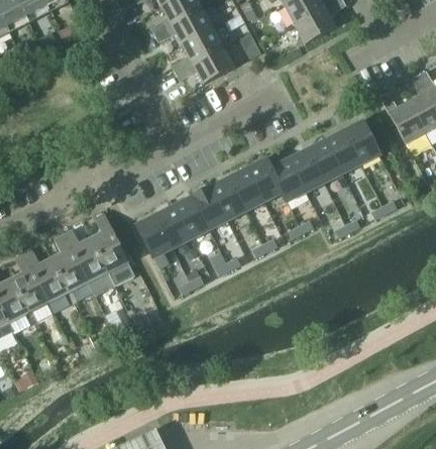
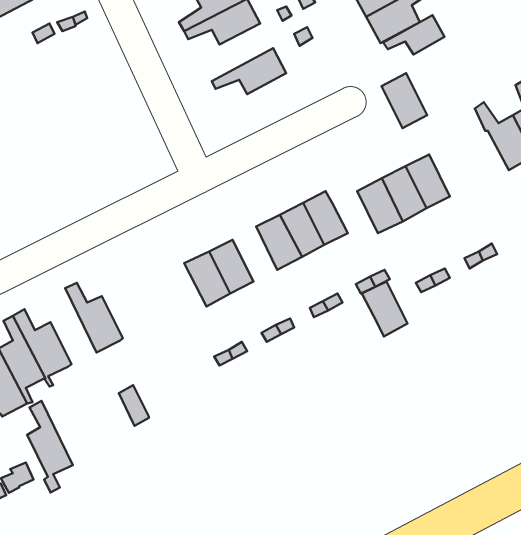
building: none -> [383,15,444,55]
building: [173,29,224,74] -> none
building: [344,120,379,162] -> [381,73,427,128]
building: [269,158,305,201] -> [362,282,408,337]
building: [193,186,227,228] -> none
building: [92,214,128,283] -> none
building: [136,214,173,256] -> none
building: [52,233,88,304] -> [27,401,73,493]

